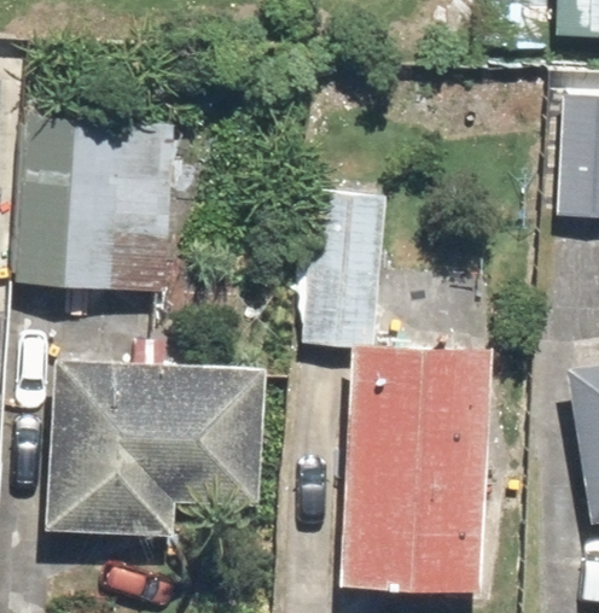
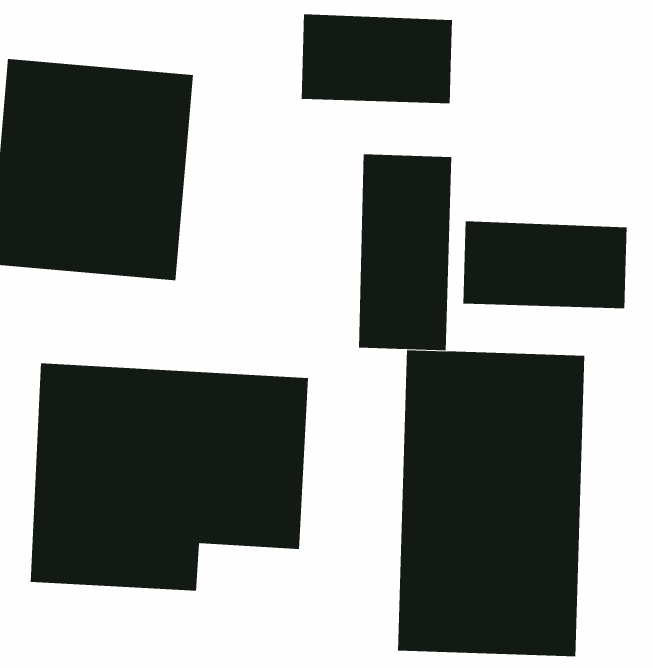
building: none -> [301,14,452,104]
building: none -> [463,221,627,309]

